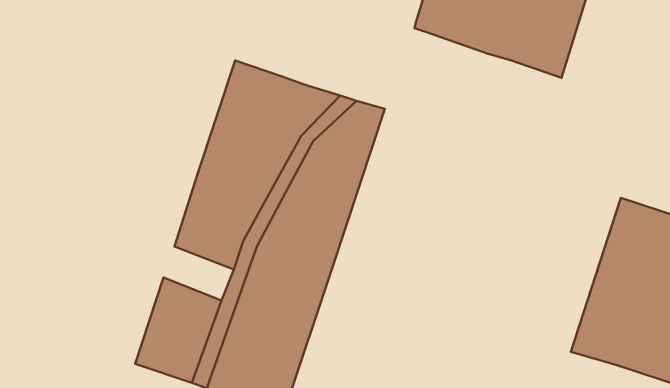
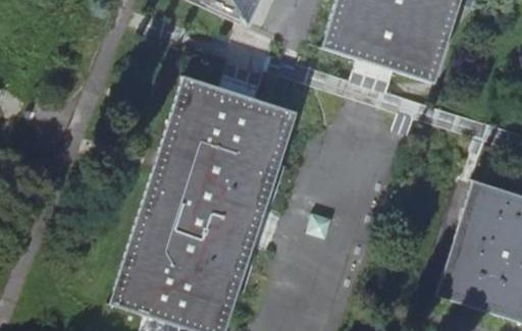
building: none -> [130,214,184,255]

